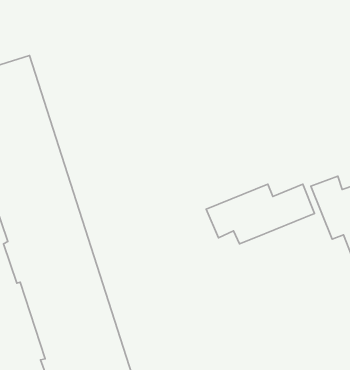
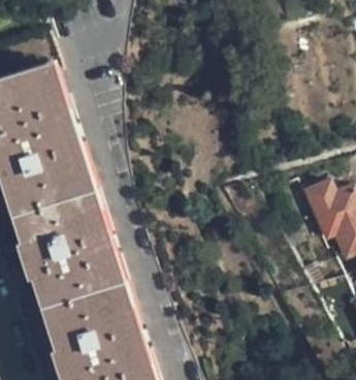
building: [206,184,314,244] -> none

